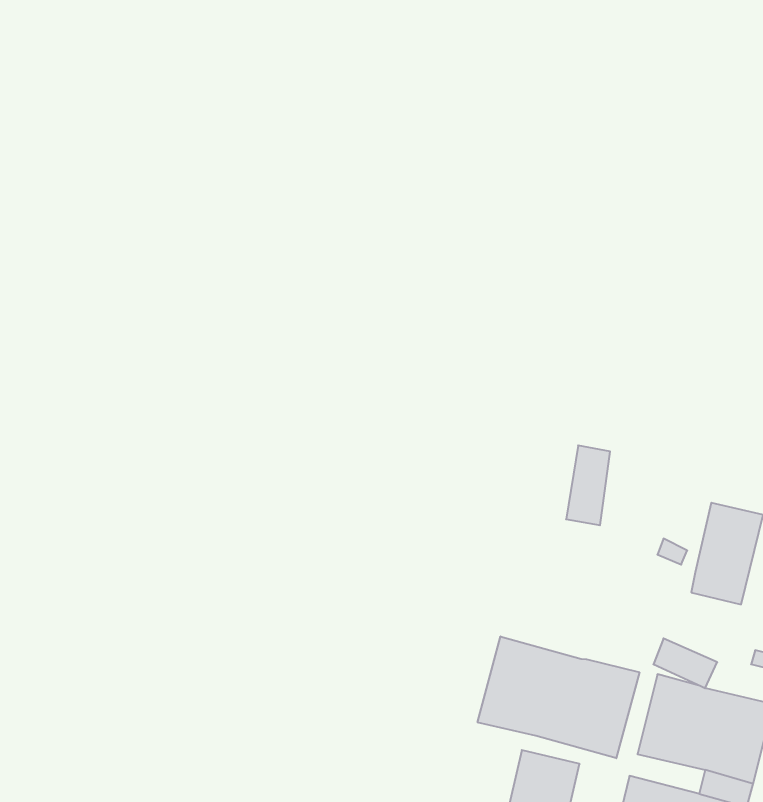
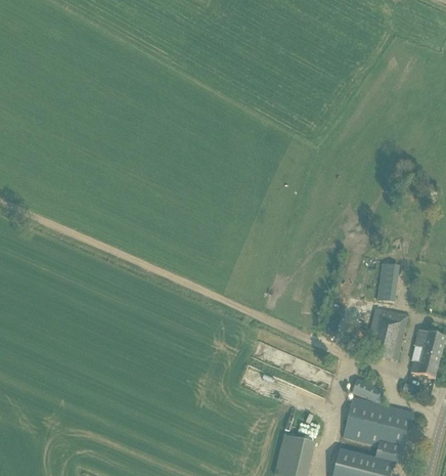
building: [566,445,610,525] -> [375,261,398,302]
building: [478,636,639,758] -> none

